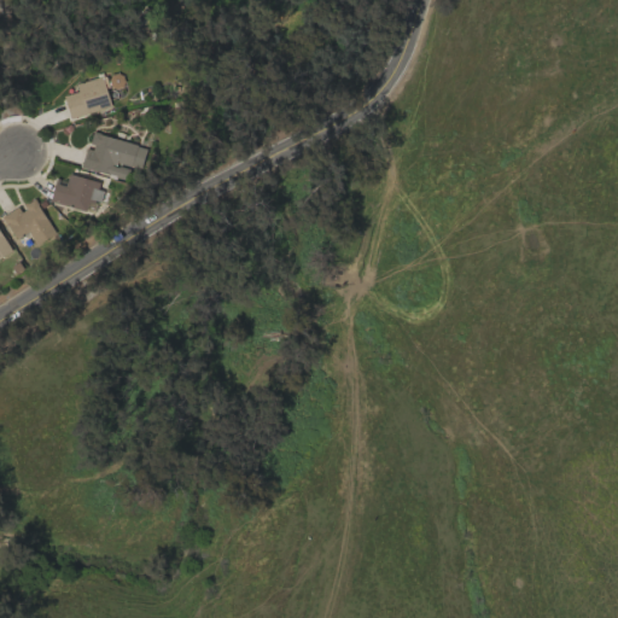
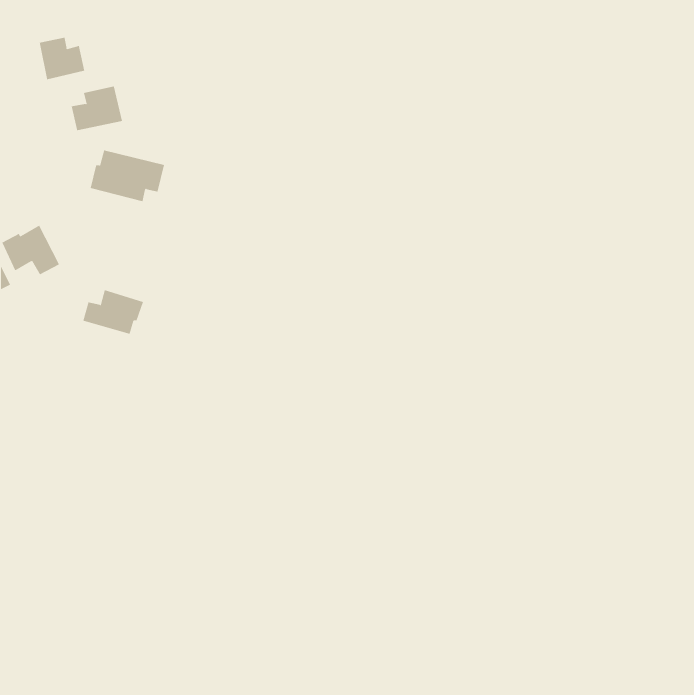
building: none -> [39,37,85,80]
building: [51,174,105,214] -> [83,290,144,334]

